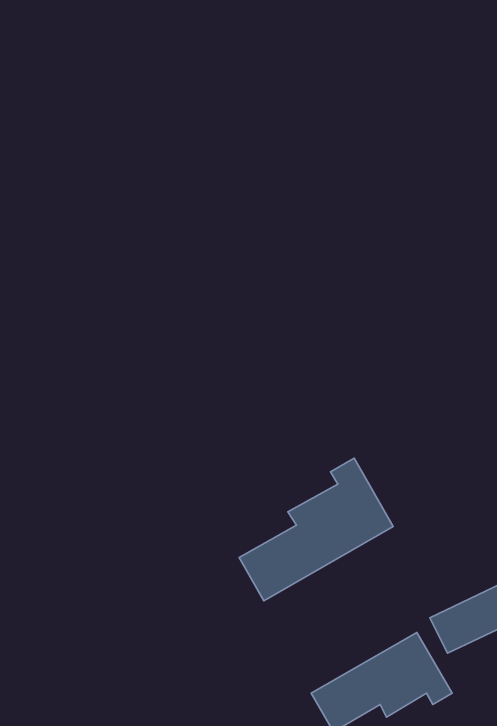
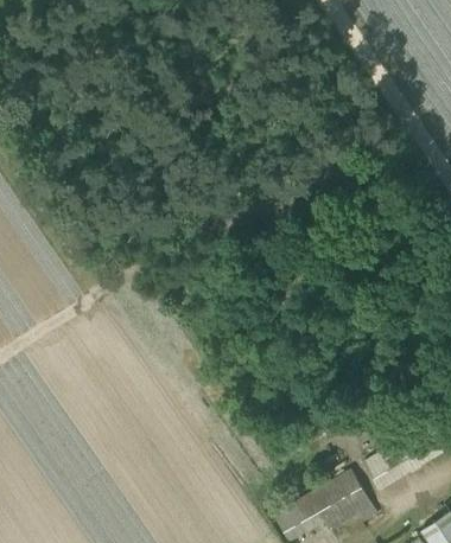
building: [239,458,393,601] -> none

